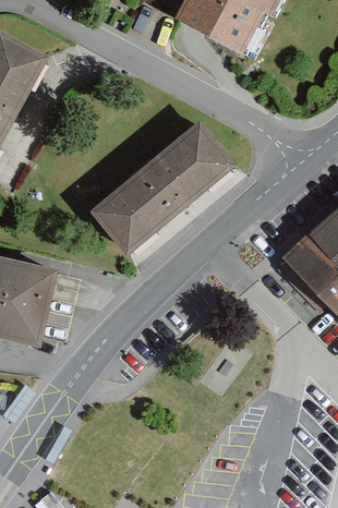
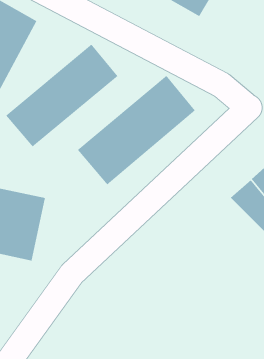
building: none -> [5,43,118,148]

